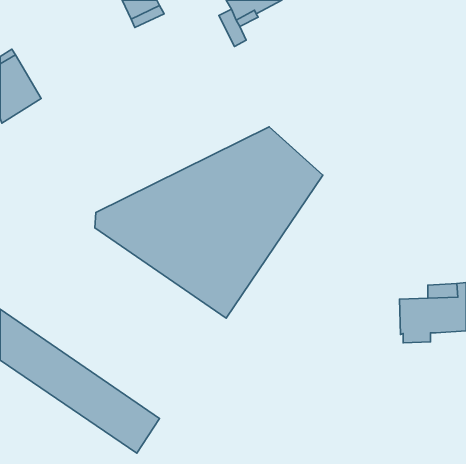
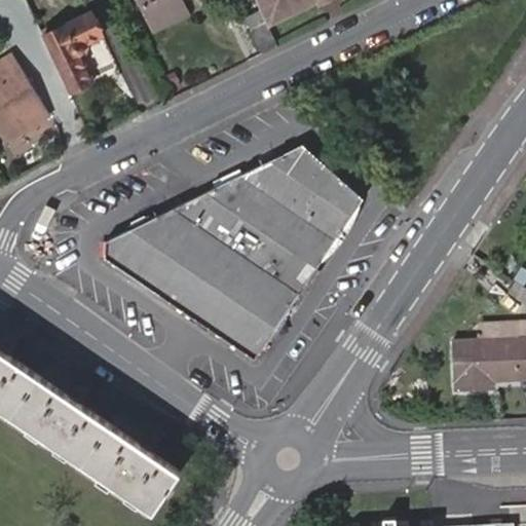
building: none -> [43,13,109,98]

